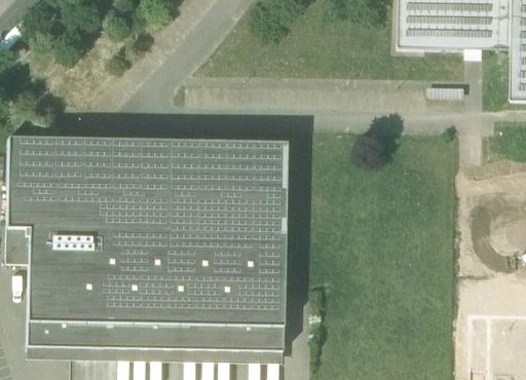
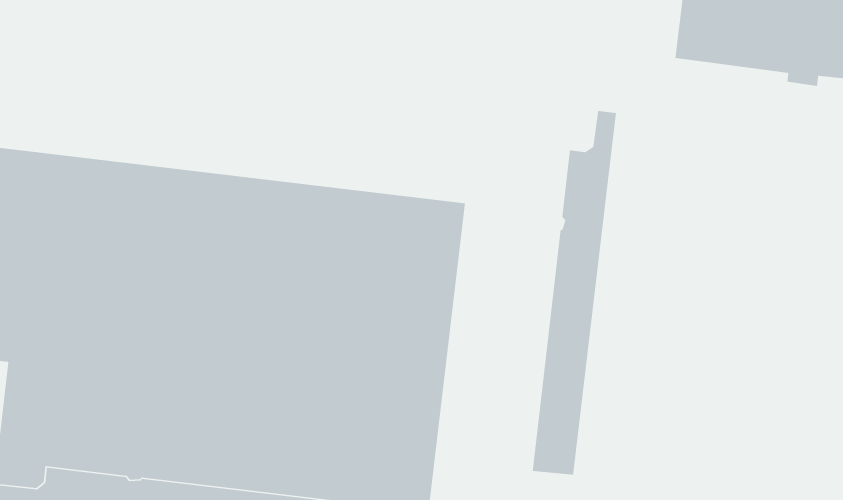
building: none -> [532,110,617,476]

